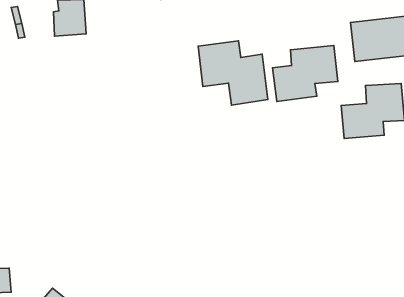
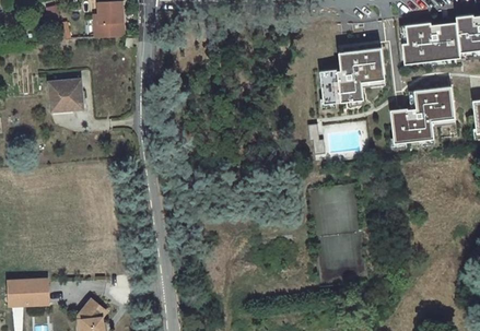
building: [198,41,268,105] -> none
building: none -> [48,79,82,109]

